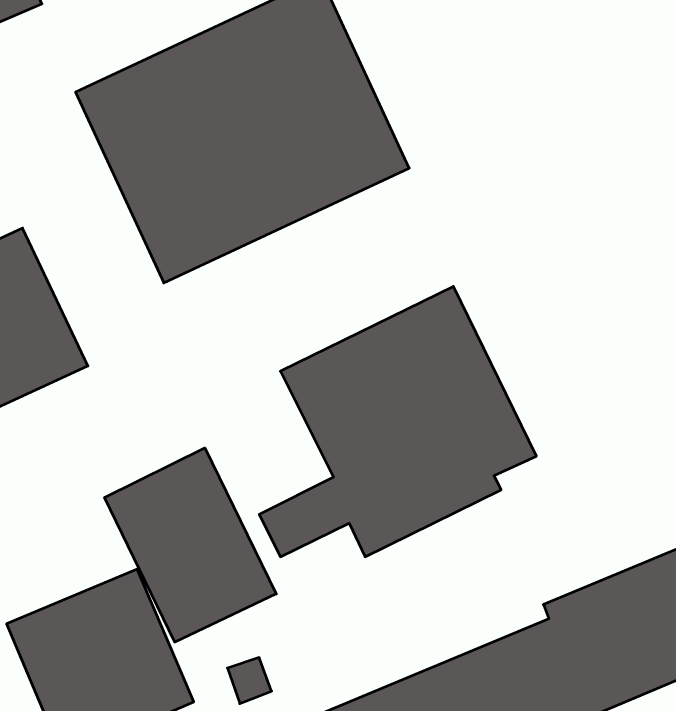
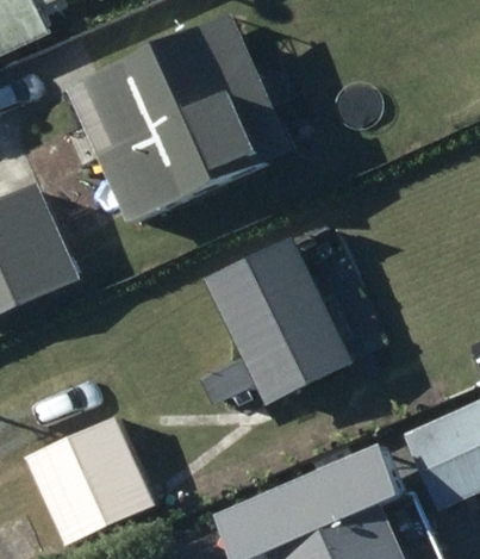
building: [105,448,276,642] -> none

